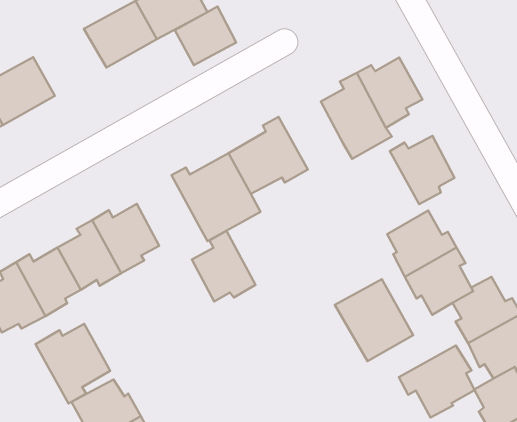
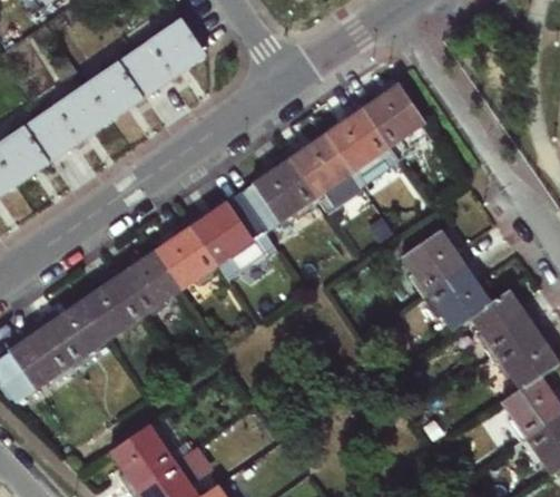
building: [175,6,236,65] -> none
building: none -> [40,84,112,152]
building: [390,136,455,204] -> [285,133,351,201]
building: [192,231,256,301] -> [155,218,219,289]
building: [335,279,413,361] -> none
building: [36,324,110,403] -> none
building: [399,346,474,417] -> none

